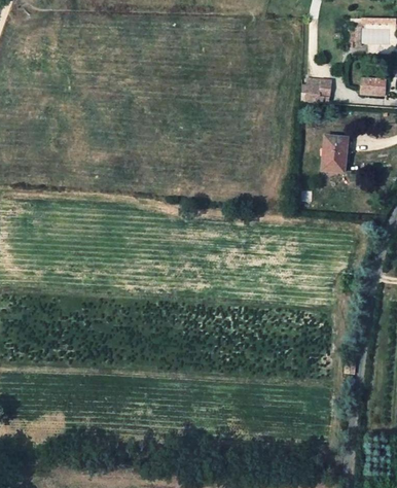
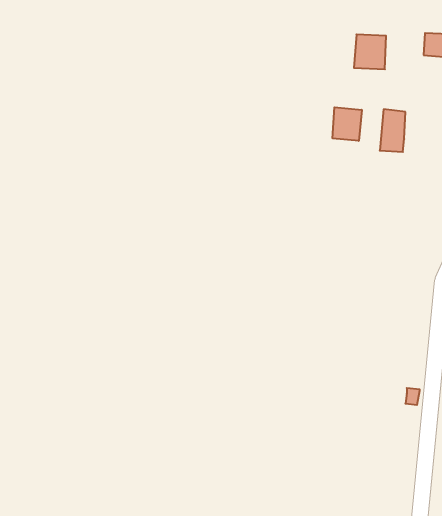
building: none -> [333,107,362,141]

